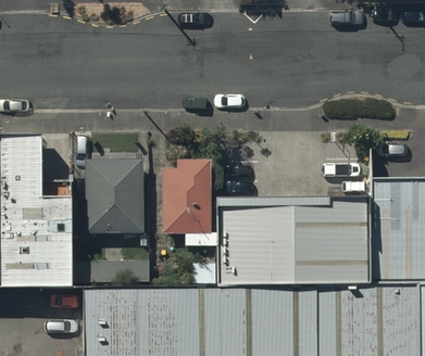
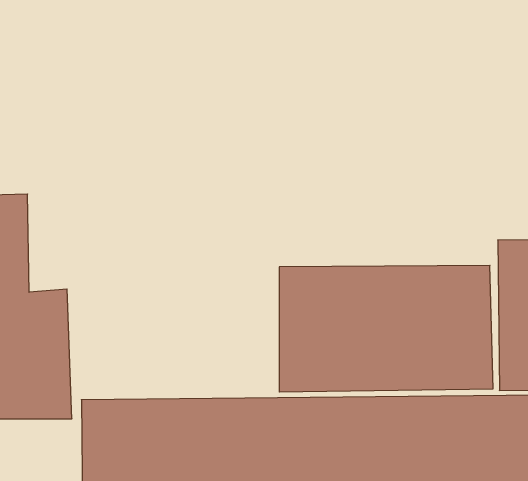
building: [86,168,145,241] -> none
building: [161,177,209,244] -> none

